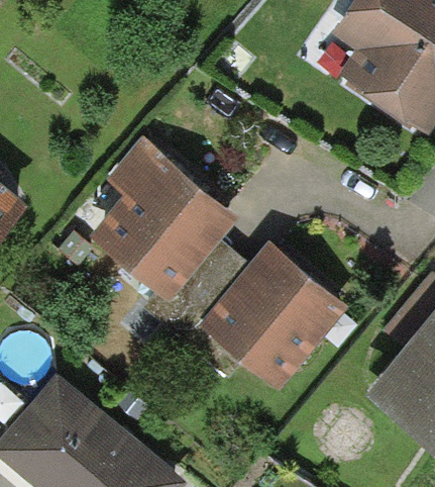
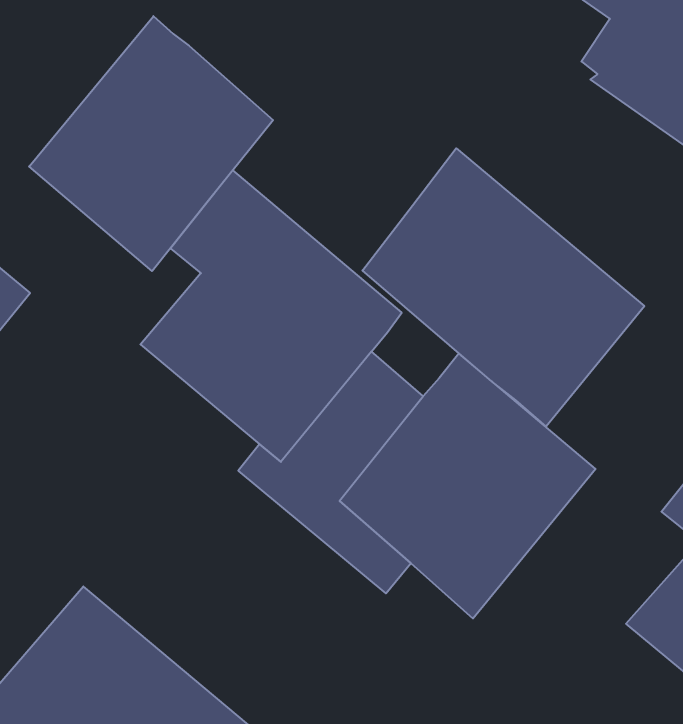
building: none -> [29,16,273,271]
building: none -> [362,148,644,427]

